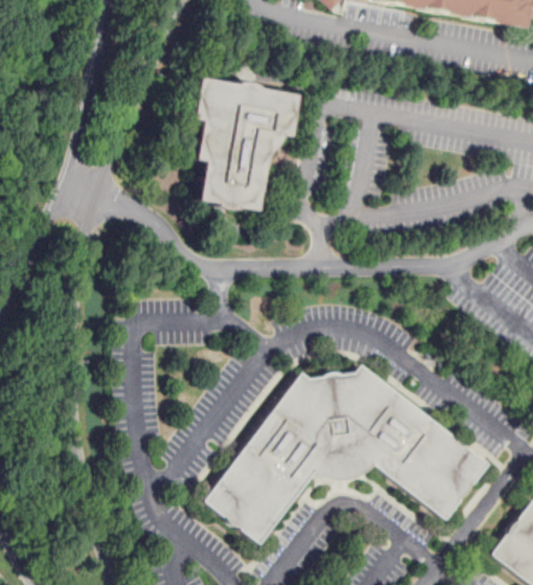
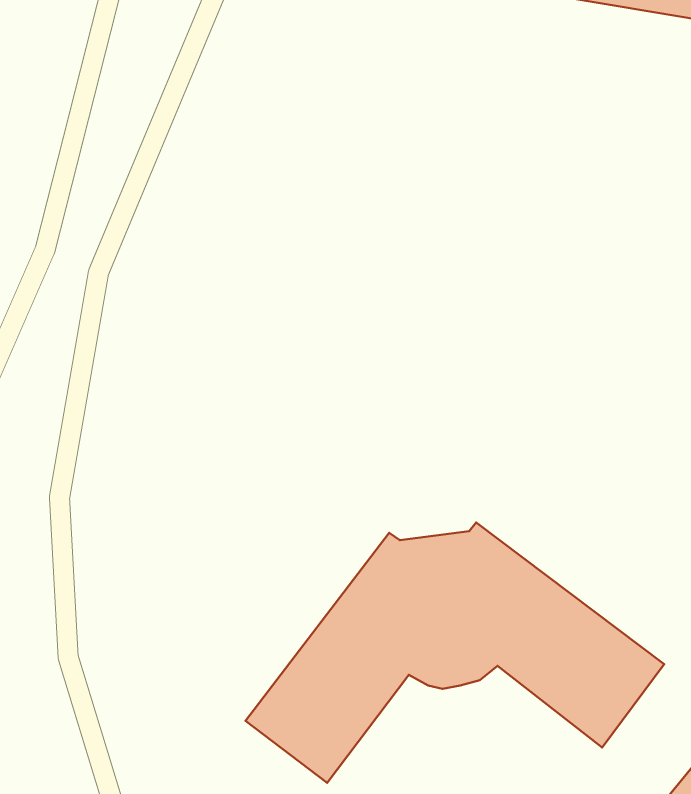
building: [191,78,297,212] -> none

